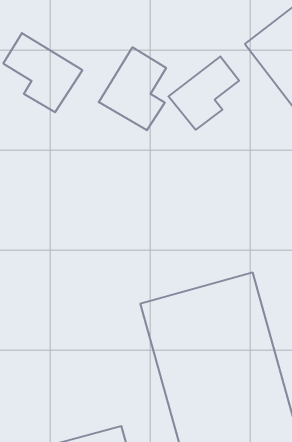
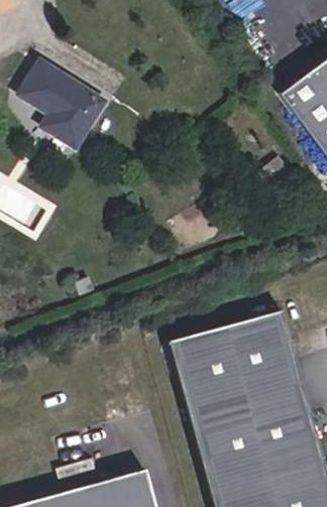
building: [99,47,166,130] -> none
building: [168,56,239,130] -> none

